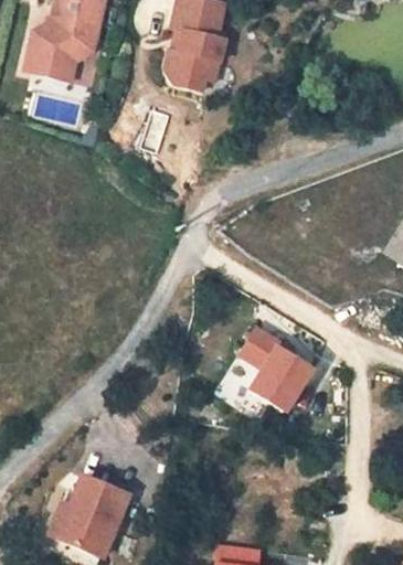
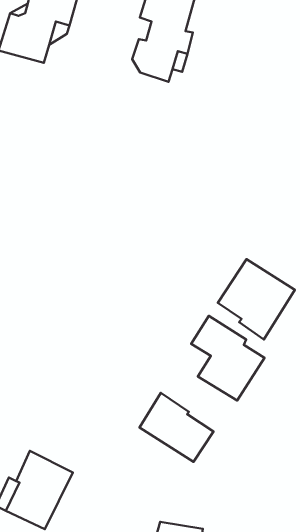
building: none -> [218,259,295,340]
building: none -> [140,393,214,462]

